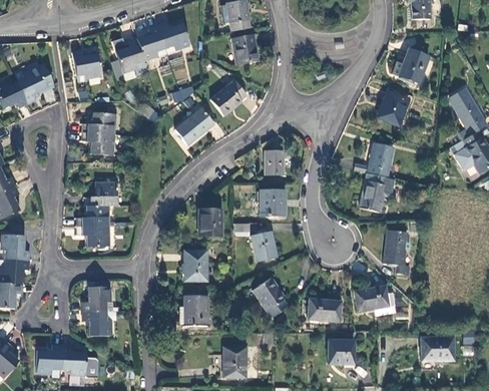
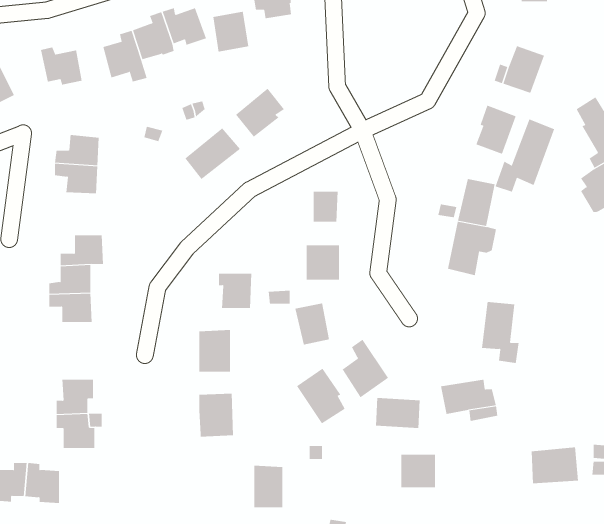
building: [231,34,258,63] -> [212,11,249,52]
building: none -> [495,118,555,192]
building: none -> [342,339,389,398]

